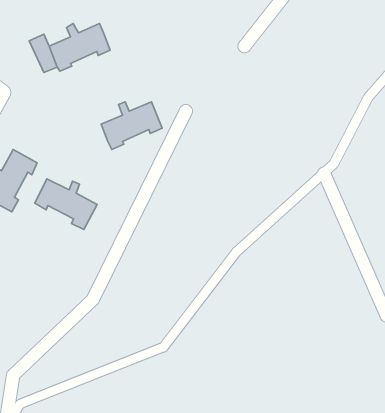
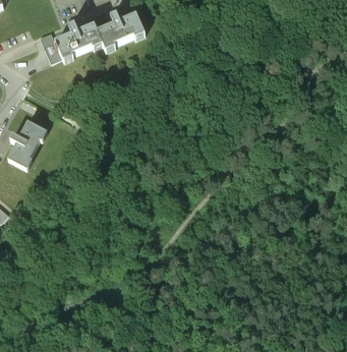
building: [101,102,162,150] -> [97,14,143,51]
building: [35,179,97,229] -> none

